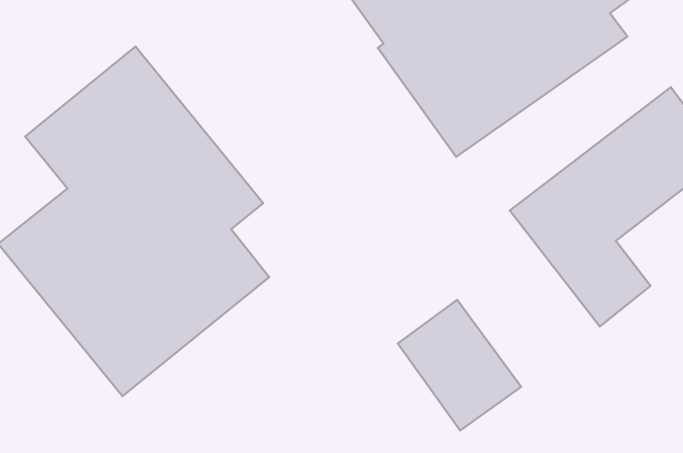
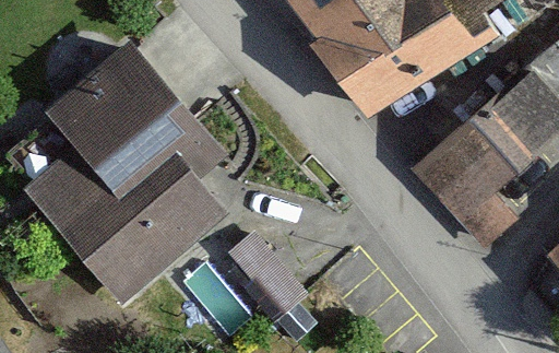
building: [398,300,521,430] -> [209,220,301,318]

